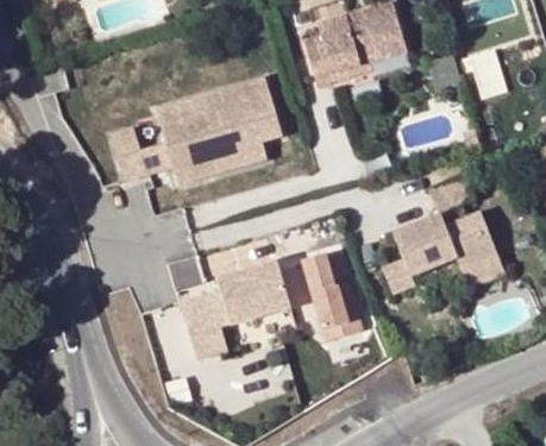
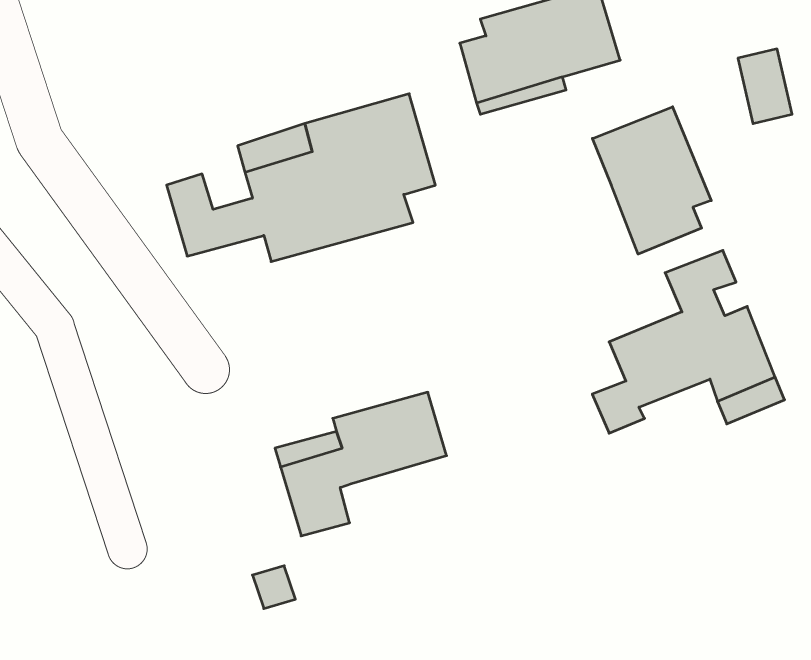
building: none -> [592,107,711,254]
building: [306,253,364,343] -> none

